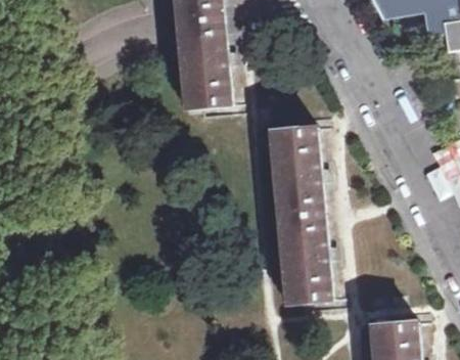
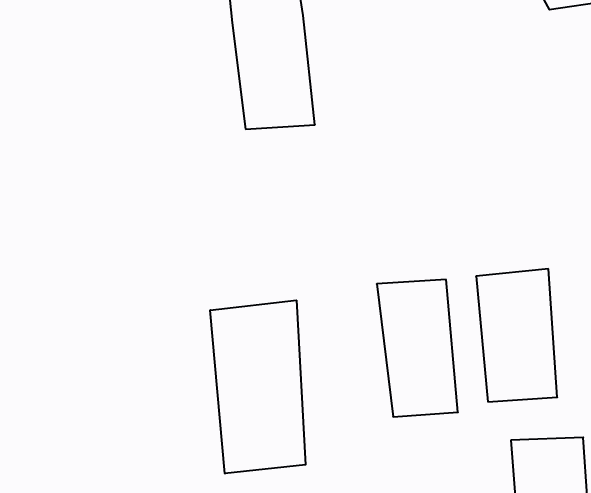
building: [267,118,323,210] -> [476,269,557,402]
building: none -> [210,300,306,474]

